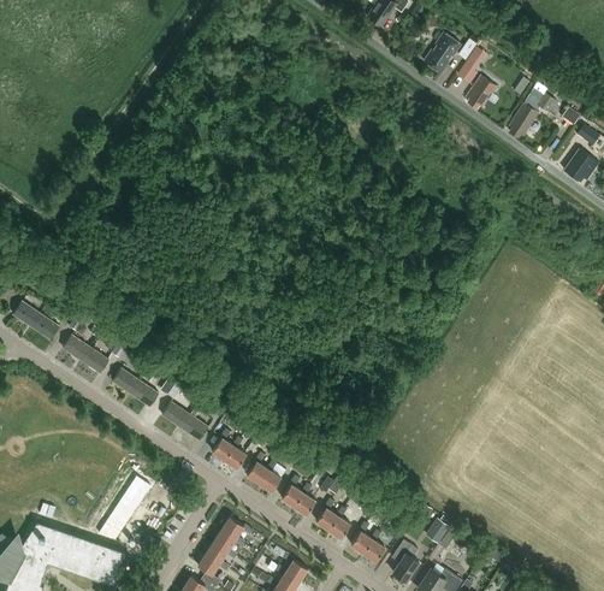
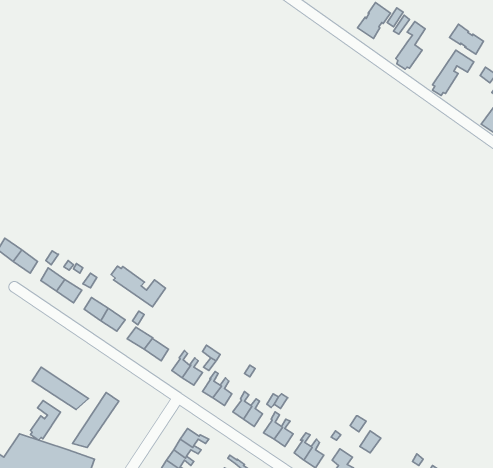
building: none -> [450,24,484,54]
building: none -> [111,266,166,307]
building: none -> [32,367,89,409]
building: none -> [30,400,61,440]

